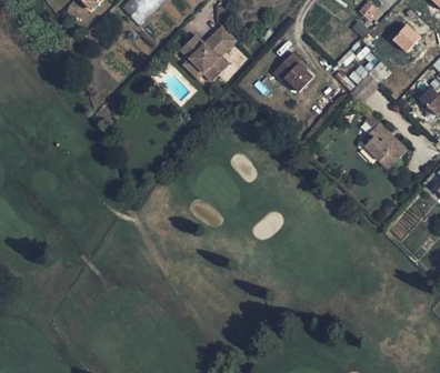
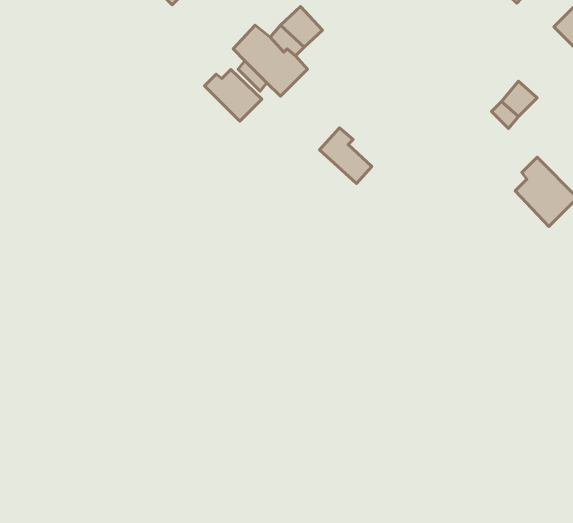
building: [278,56,312,92] -> [319,128,372,184]
building: none -> [204,70,262,121]

